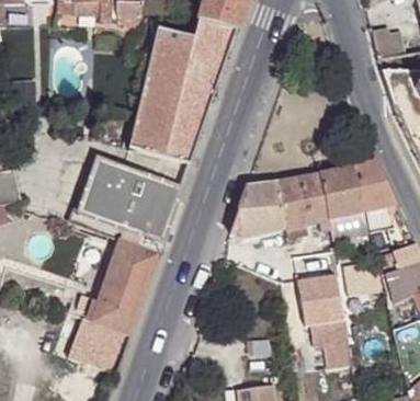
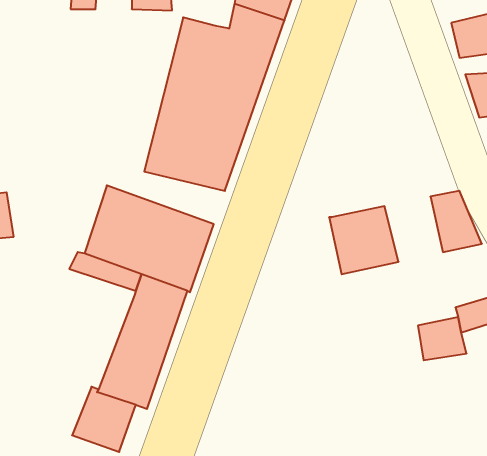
building: [317,167,366,234] -> none
building: [227,183,283,239] -> none
building: [296,273,347,350] -> none

